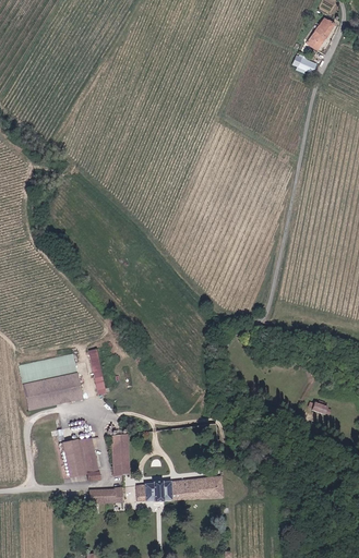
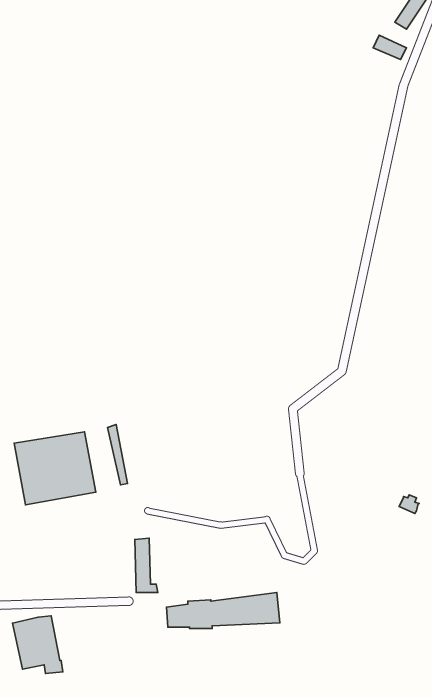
building: [62,437,100,481] -> [12,616,63,673]
building: [88,487,123,504] -> none

